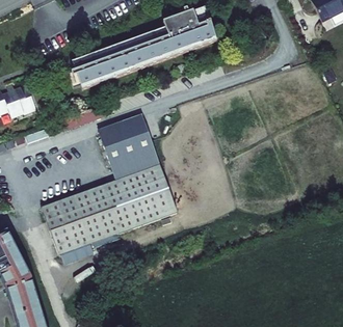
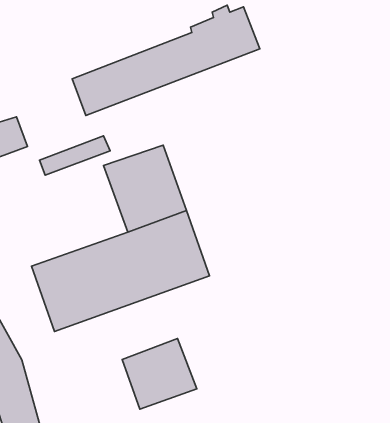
building: none -> [122,339,197,409]

